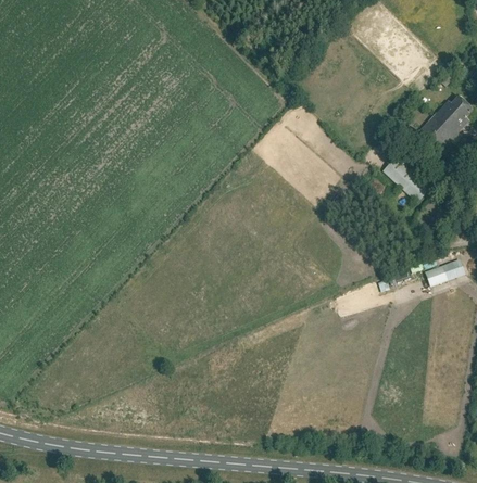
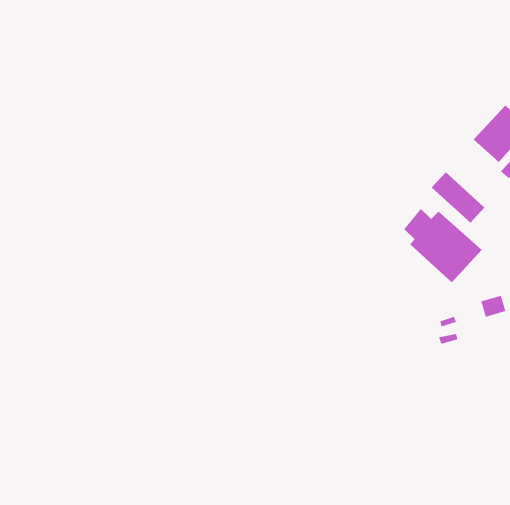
building: none -> [404,208,482,283]

